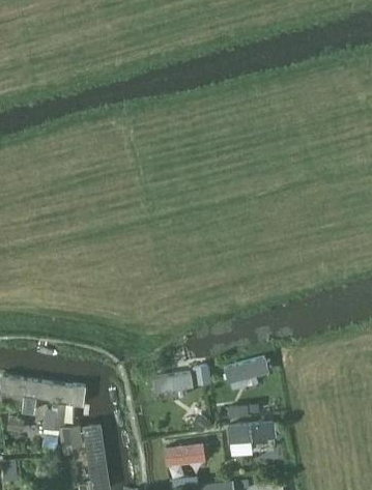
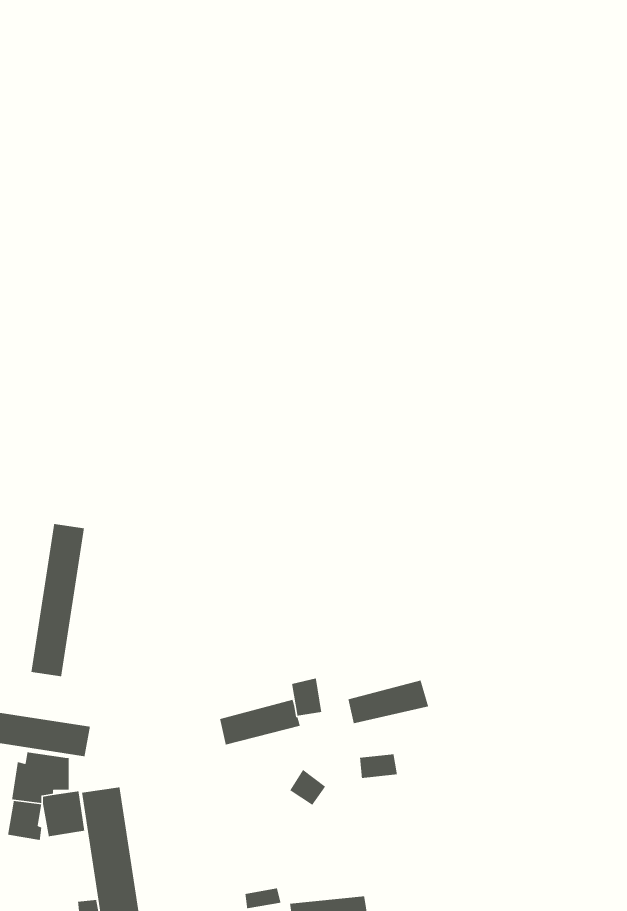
building: none -> [31,523,85,677]
building: [226,422,275,443] -> none
building: [165,441,204,465] -> none

